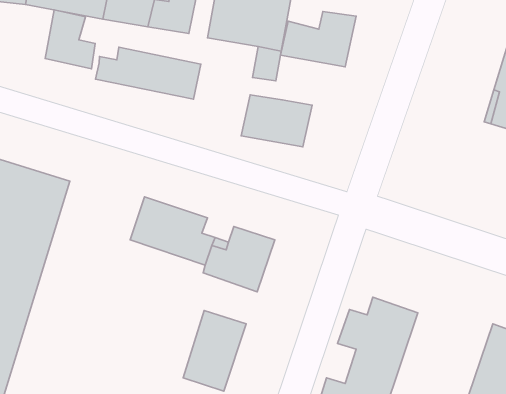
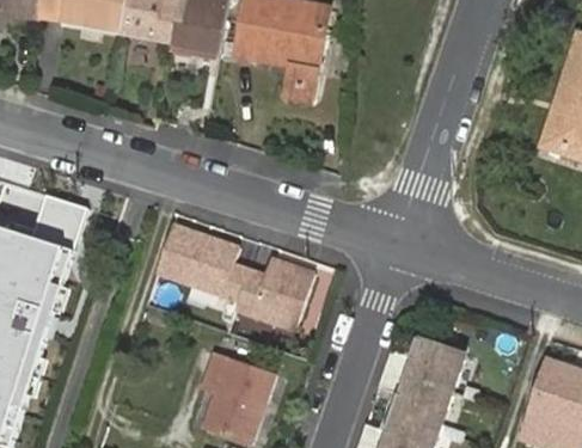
building: [45,10,95,69] -> none
building: [281,11,356,67] -> none
building: [96,47,201,99] -> none
building: [241,95,312,147] -> none

